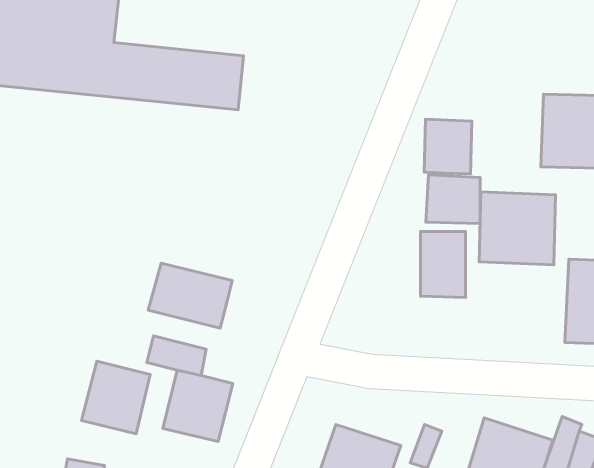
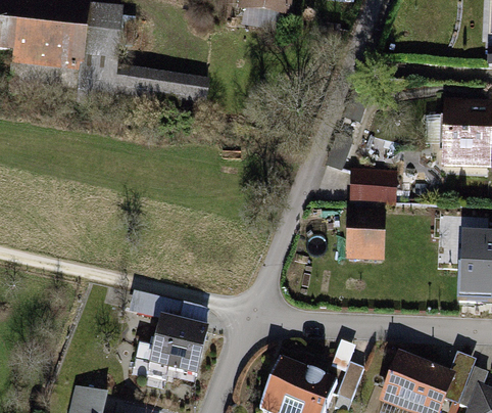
building: [424,119,472,174] -> none
building: [479,192,556,265] -> none
building: [148,263,232,328] -> none
building: [82,361,150,434] -> none

